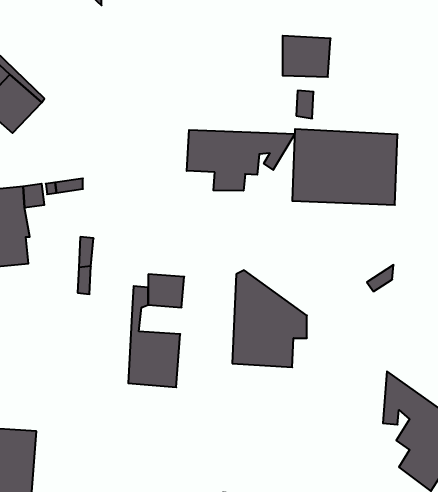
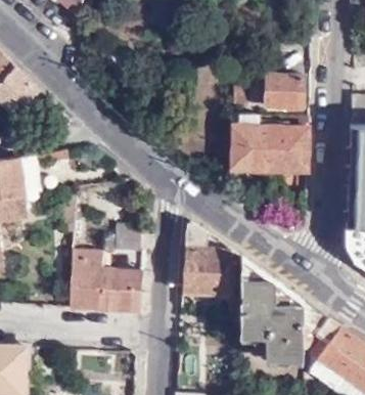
building: [283,36,331,77] -> [267,75,304,106]
building: [187,130,295,191] -> none
building: none -> [70,251,105,309]
building: none -> [239,257,301,359]

